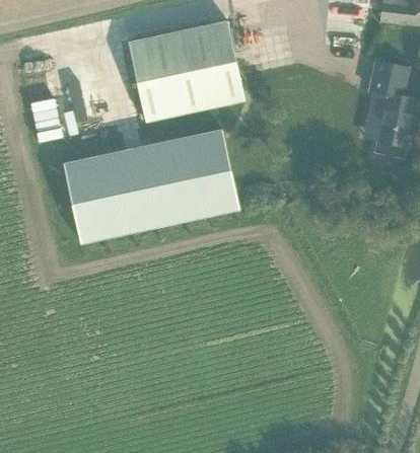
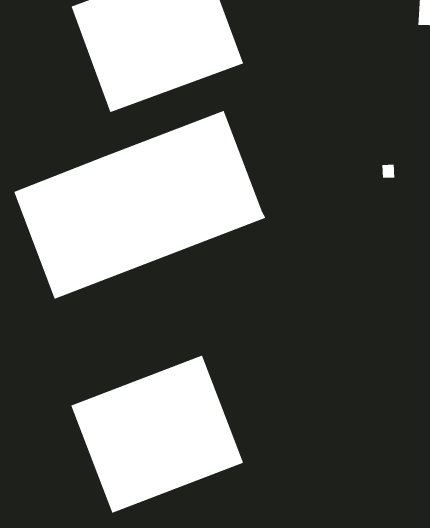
building: none -> [70,354,244,514]

